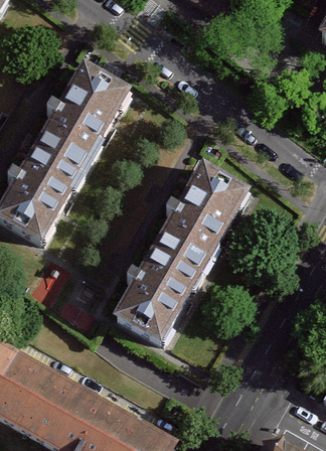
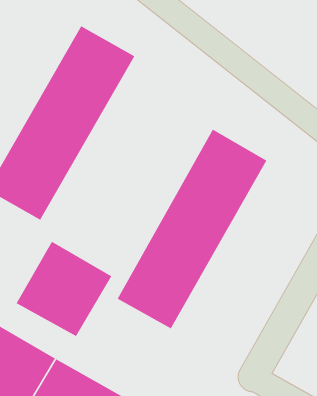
building: none -> [16,241,112,337]

